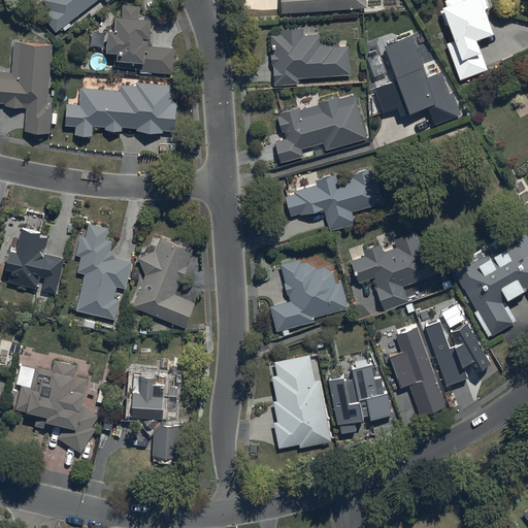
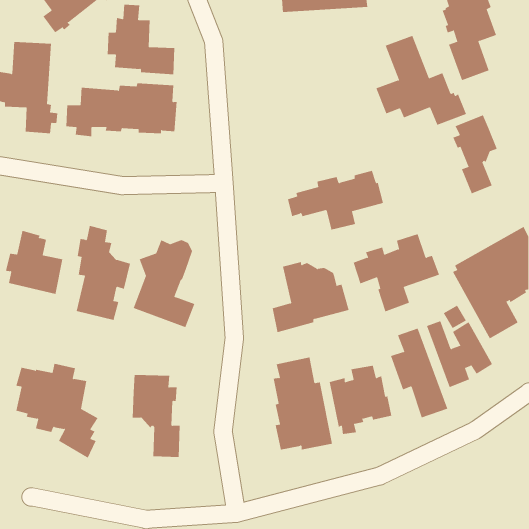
building: [270,29,351,85] -> none
building: [274,95,366,162] -> none
building: none -> [453,115,498,194]

